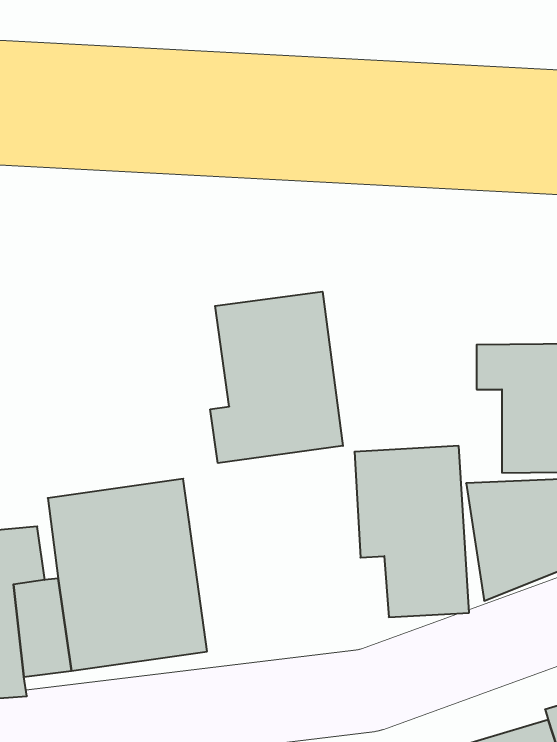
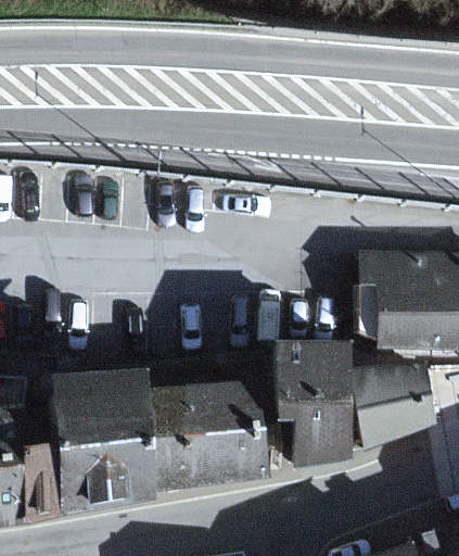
building: [210,292,343,463] -> none
building: none -> [152,380,270,489]

